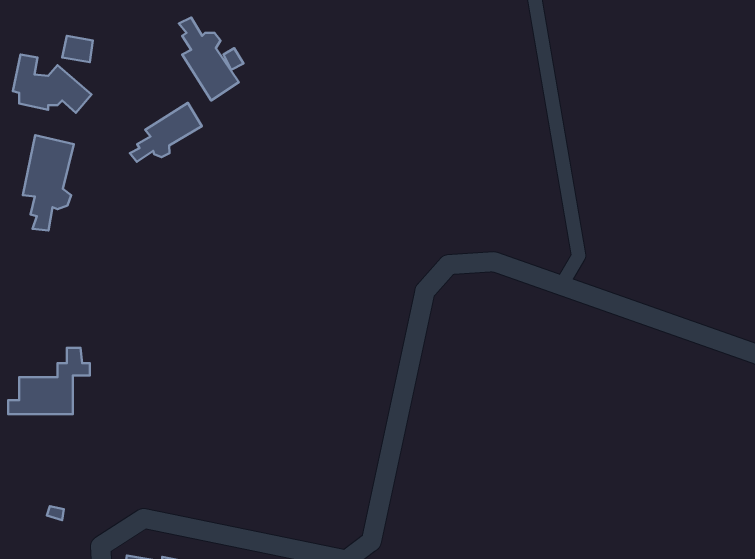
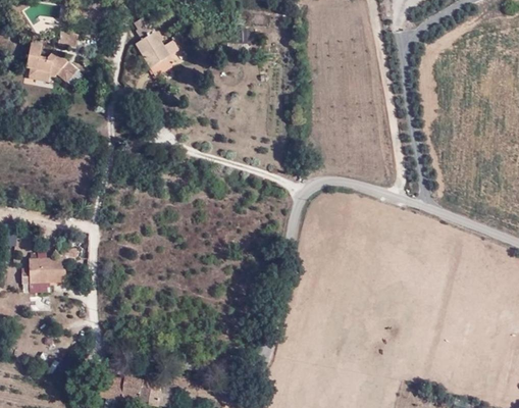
building: [130,103,202,162] -> none
building: [23,135,74,231] -> none

